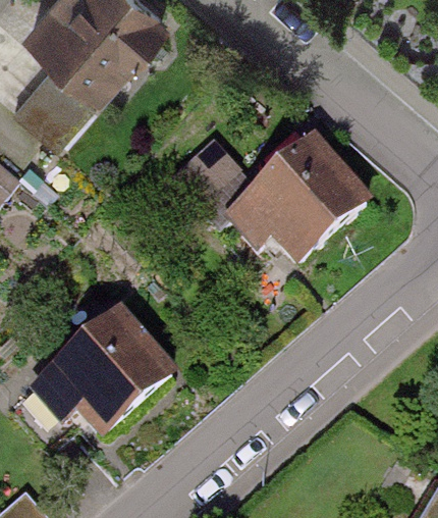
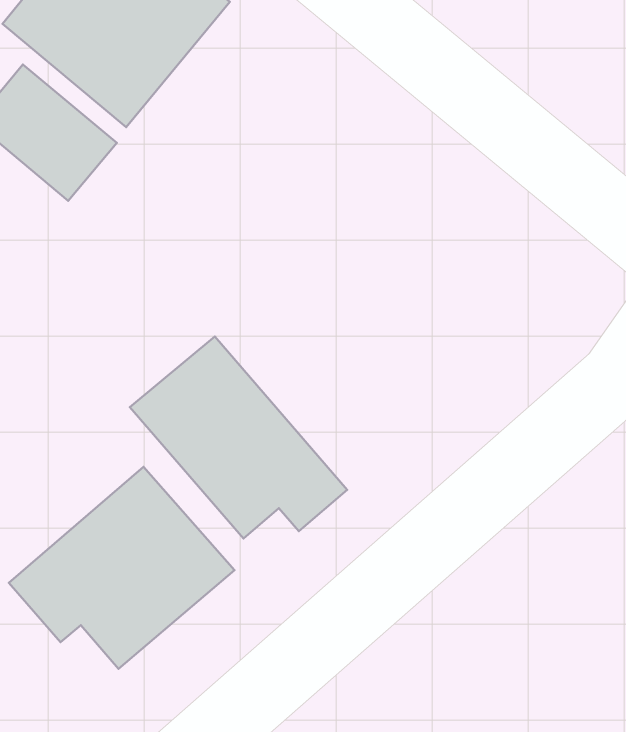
building: [183,137,368,262] -> none
building: none -> [130,336,347,538]

